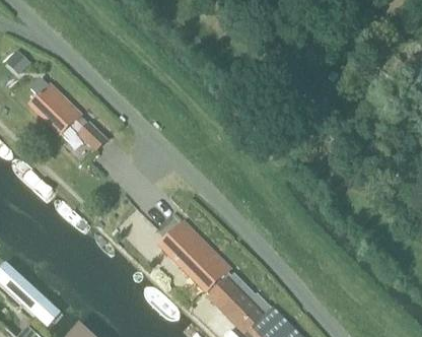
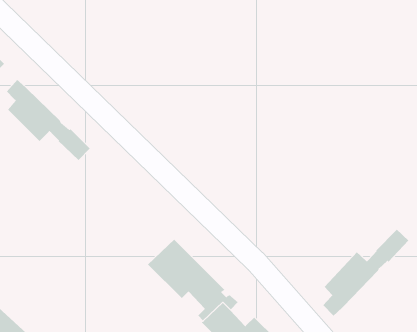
building: none -> [322,229,409,317]

